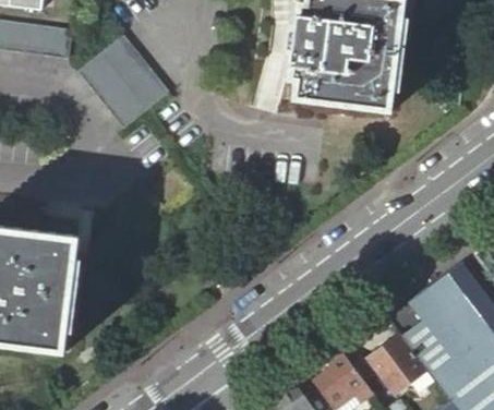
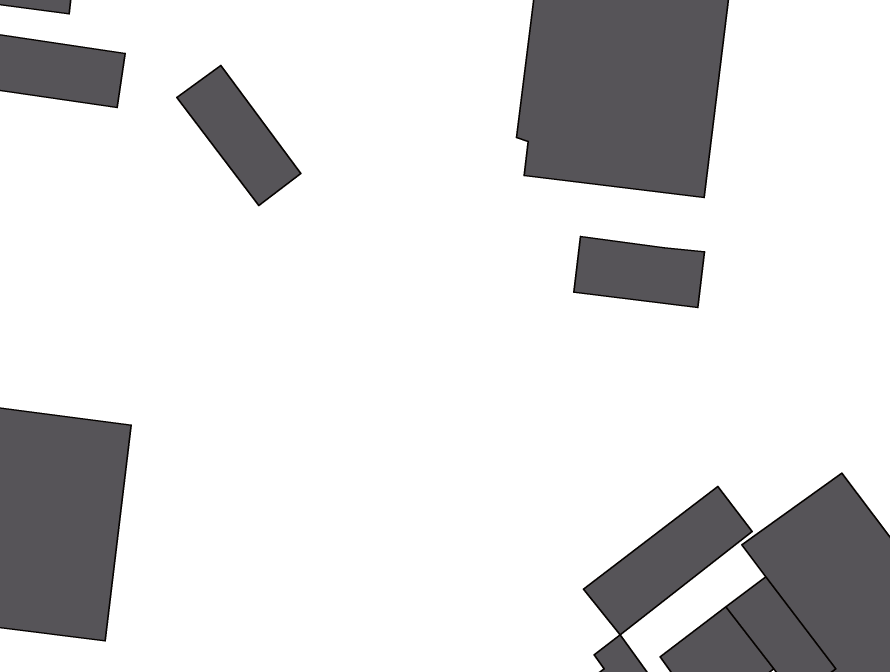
building: [77,56,145,132] -> none
building: none -> [574,237,704,307]
building: none -> [584,486,752,635]

